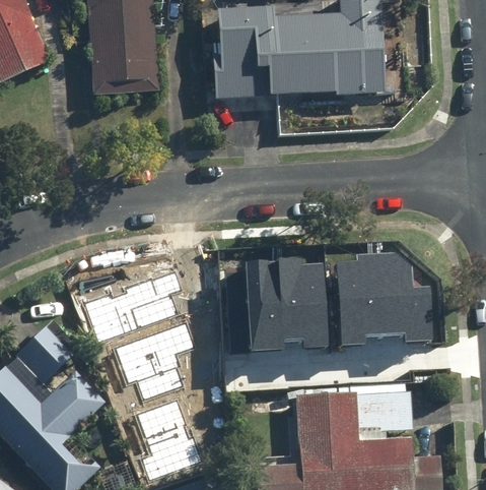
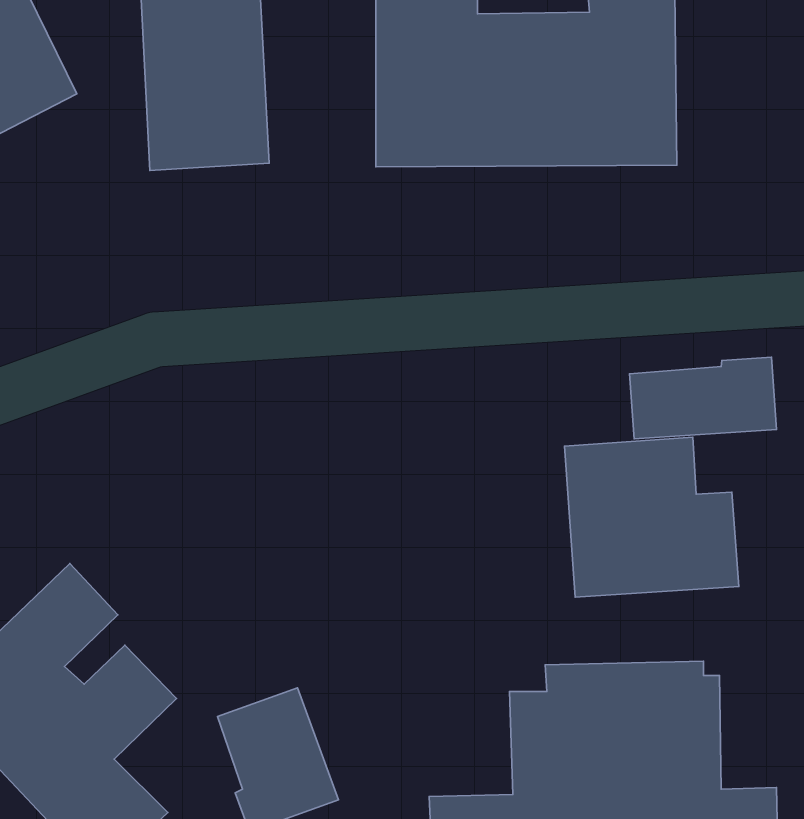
building: none -> [629,357,777,439]
building: [236,257,321,348] -> none
building: [82,268,182,339] -> none
building: [113,325,188,400] -> none

